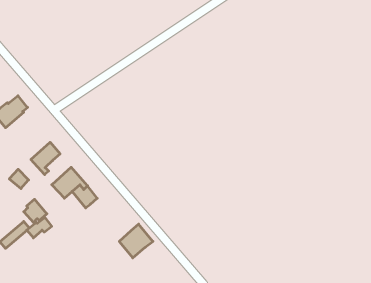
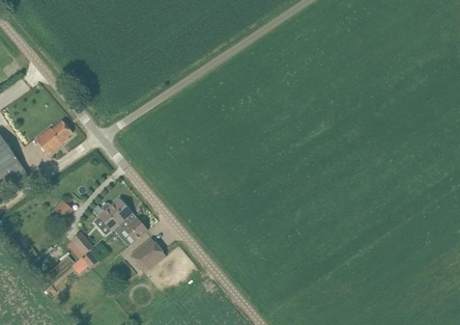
building: [31,142,60,175] -> none
building: [119,224,153,258] -> [130,236,166,272]

